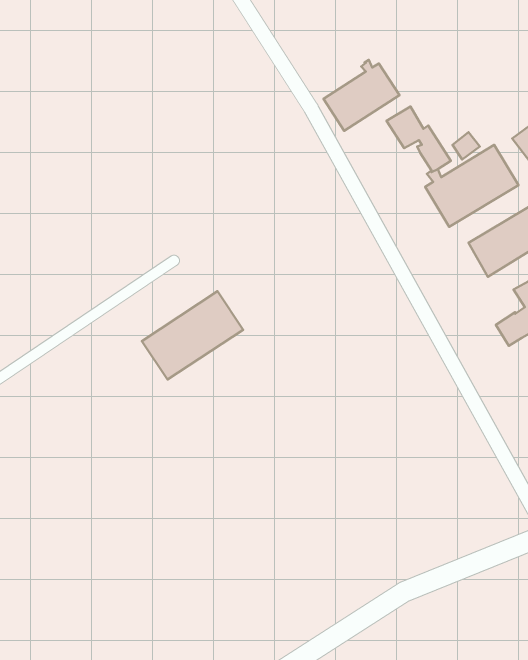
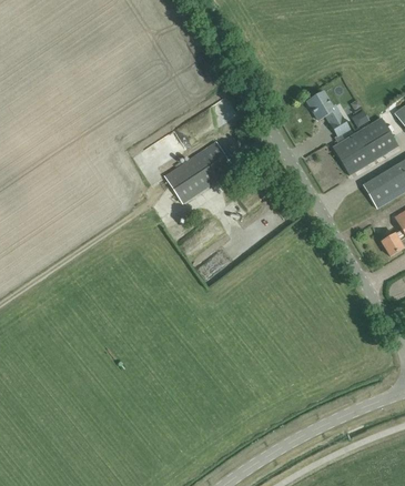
building: [323,60,399,131] -> none
building: [142,291,243,380] -> [164,141,234,202]

